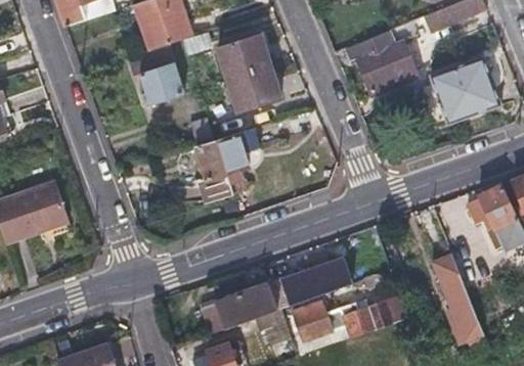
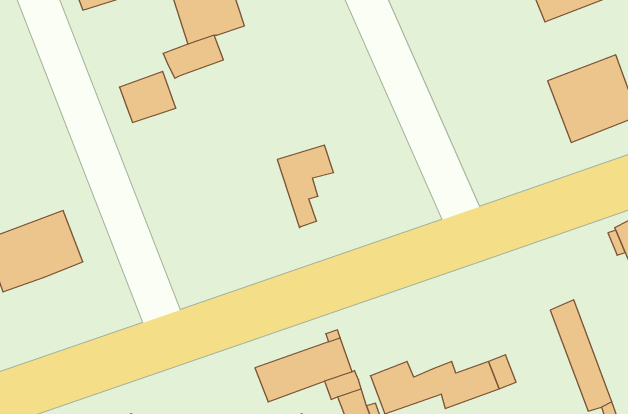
building: [219,36,283,115] -> none
building: [356,36,412,91] -> none
building: [142,63,186,103] -> [119,71,176,122]
building: [198,141,235,203] -> none
building: [281,254,359,304] -> none

